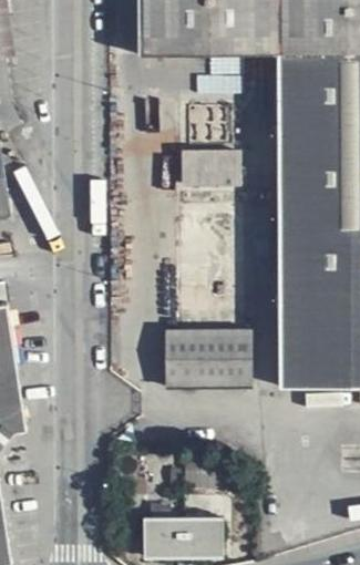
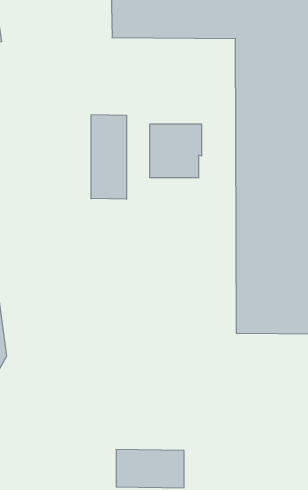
building: none -> [91,115,127,199]
building: [165,328,250,387] -> none

